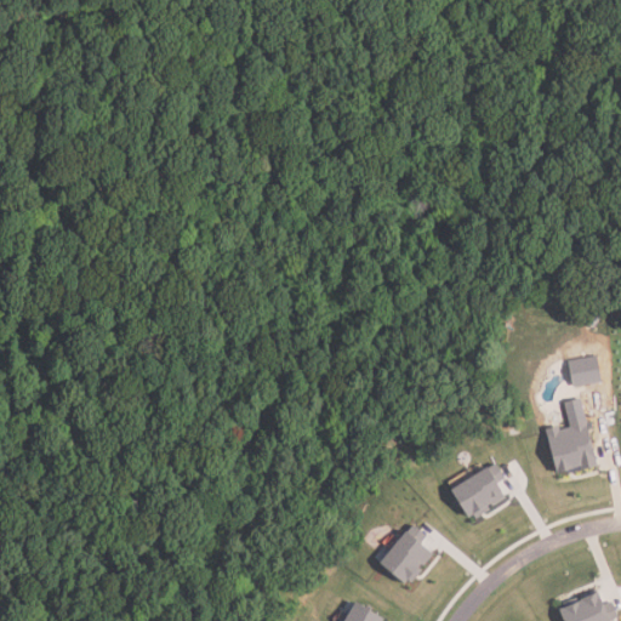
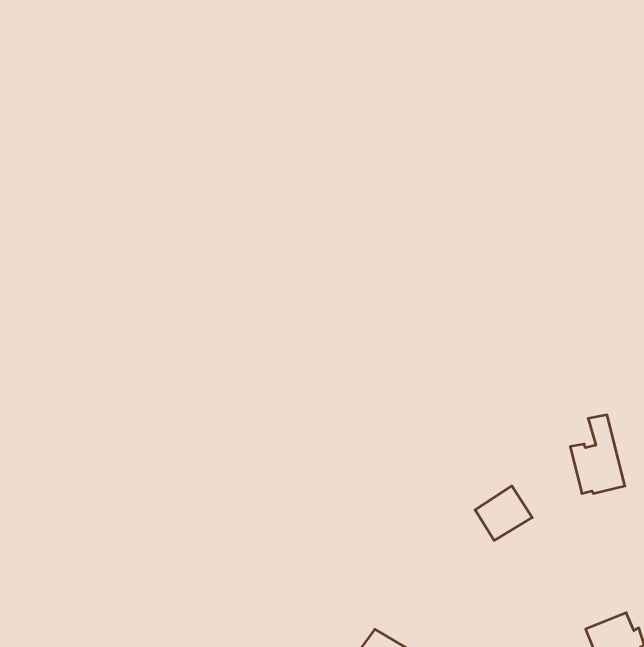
building: [566,357,604,386] -> none
building: [381,530,433,583] -> none

